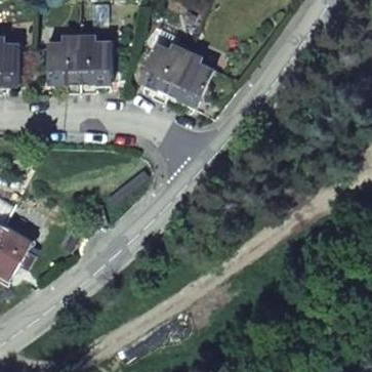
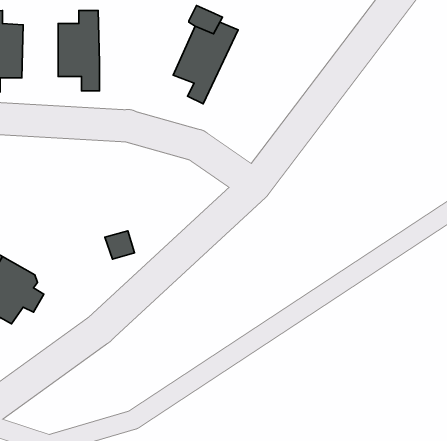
building: [79,31,111,94] -> none
building: [162,46,213,111] -> none

